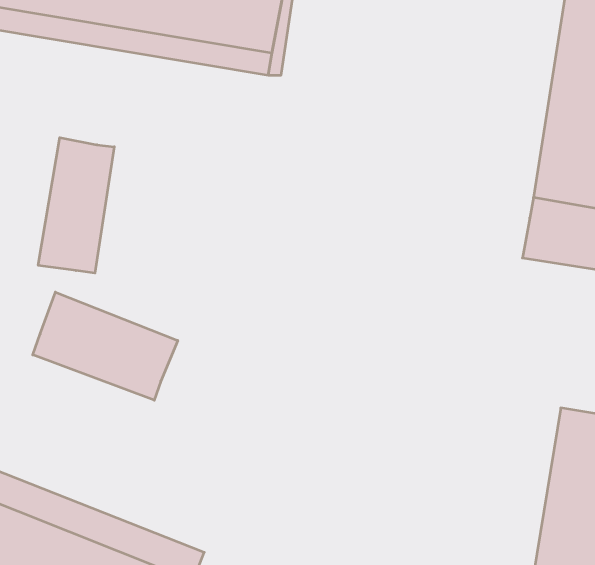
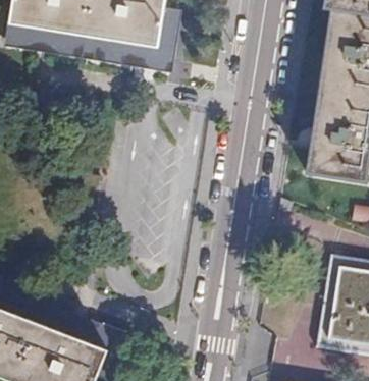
building: [38,138,114,273] -> none
building: [33,292,178,400] -> none

